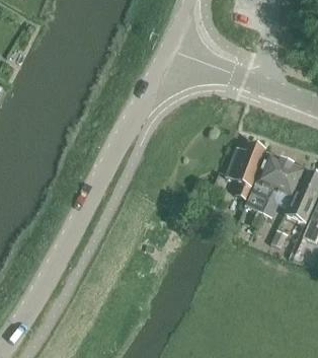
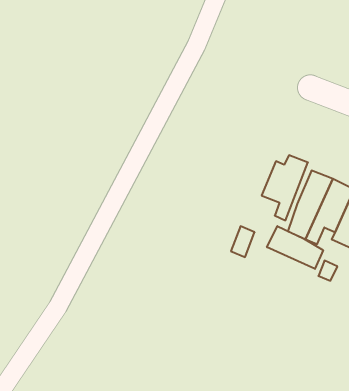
building: none -> [267,226,323,269]

